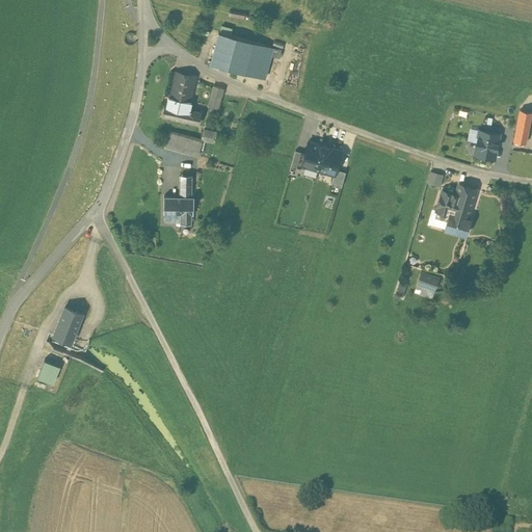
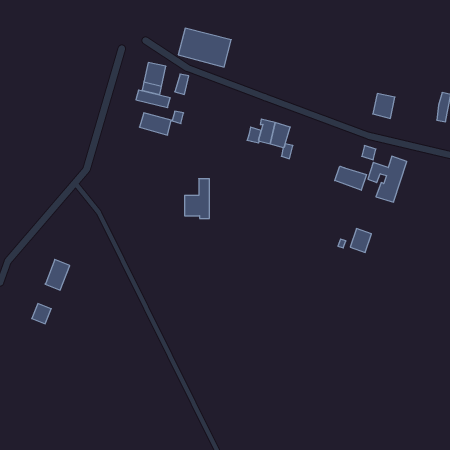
building: [475,130,501,159] -> [373,94,395,118]
building: [164,179,193,225] -> [185,179,209,218]
building: none -> [335,166,366,190]

